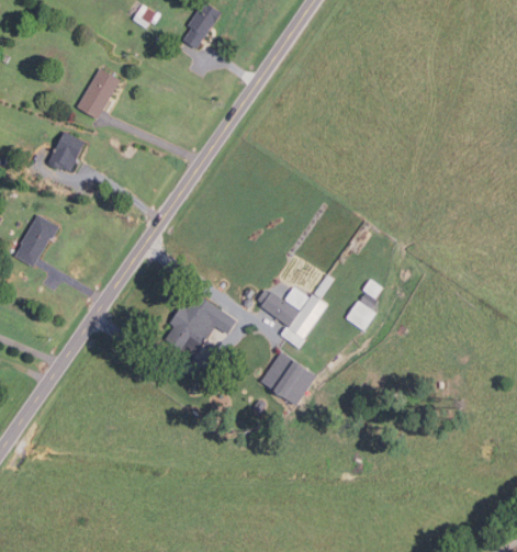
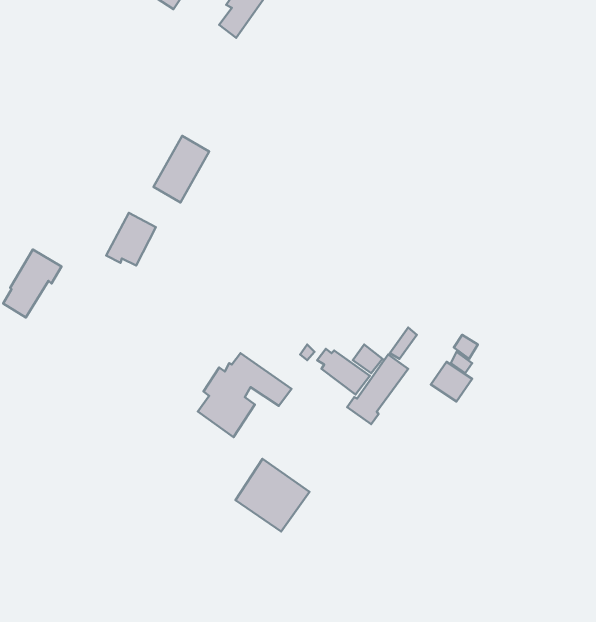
building: [77,67,120,119] -> [154,136,209,203]
building: [45,131,83,171] -> [106,213,156,266]
building: [259,351,316,407] -> [236,459,310,531]

